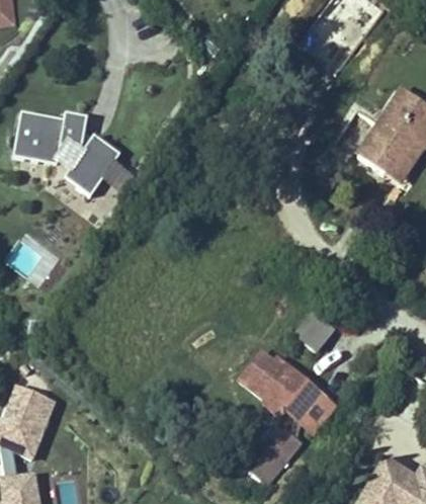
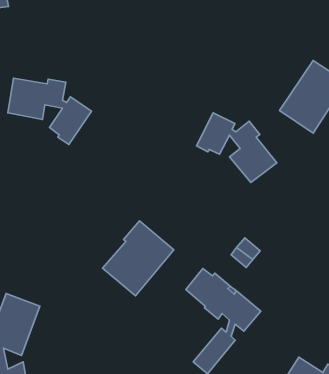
building: none -> [197,113,277,182]
building: none -> [103,221,174,296]

